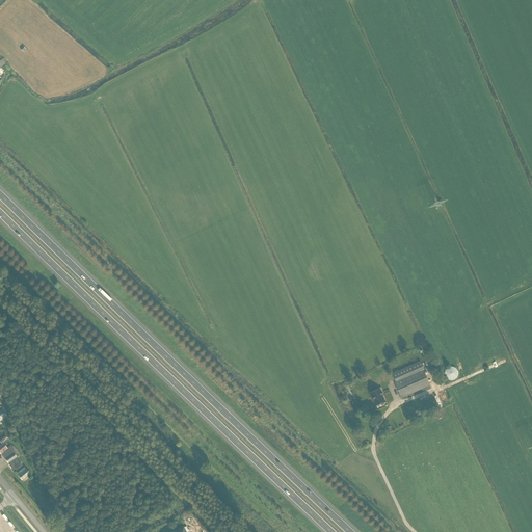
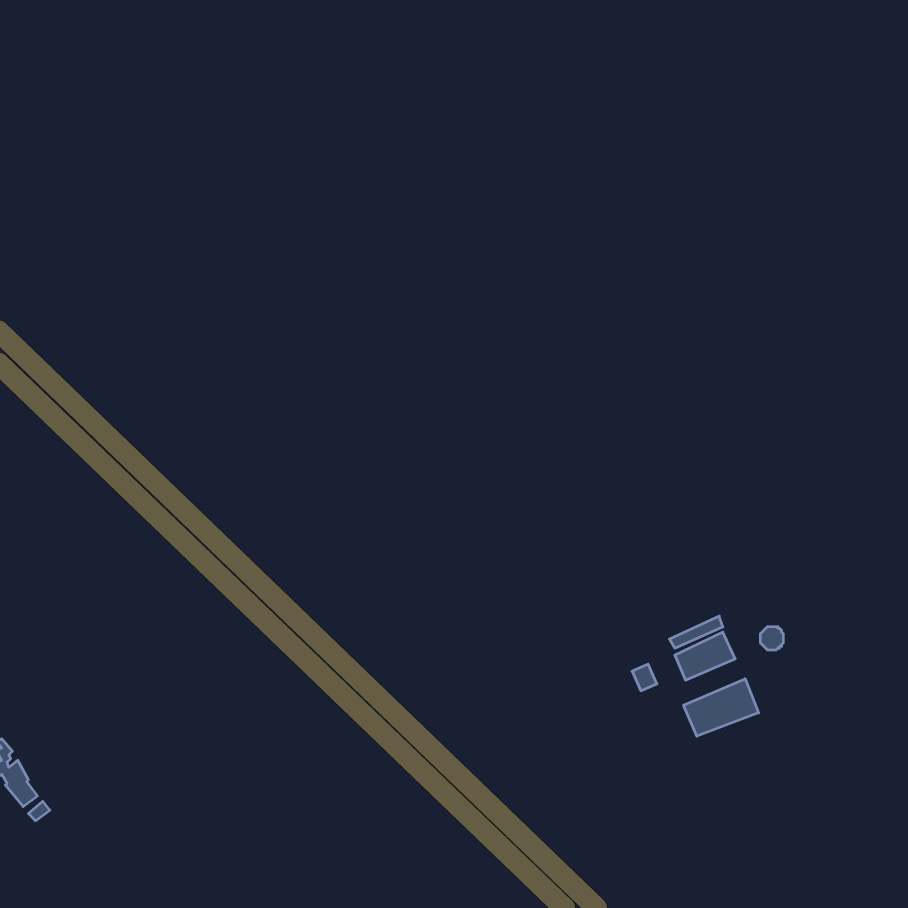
building: none -> [684,679,759,736]

